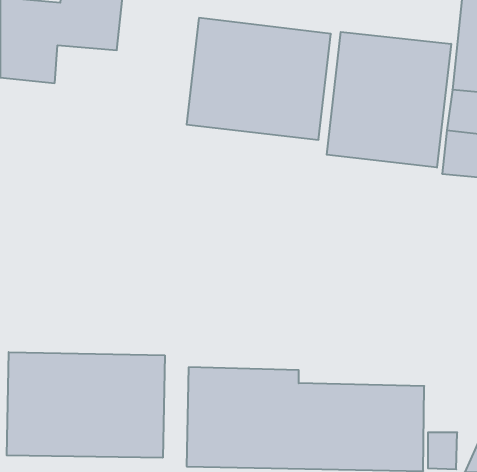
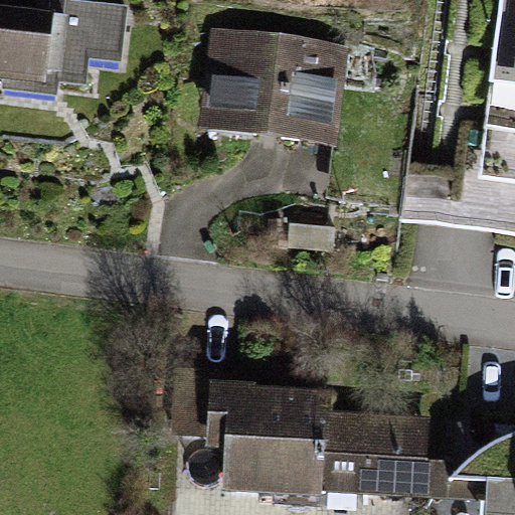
building: [327,32,451,168] -> none
building: [7,352,165,458] -> none

